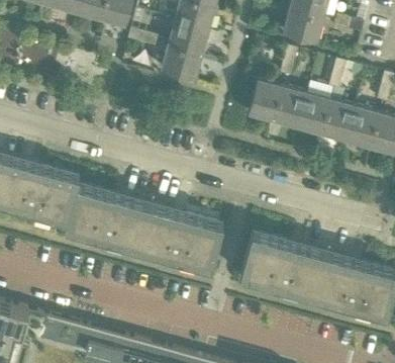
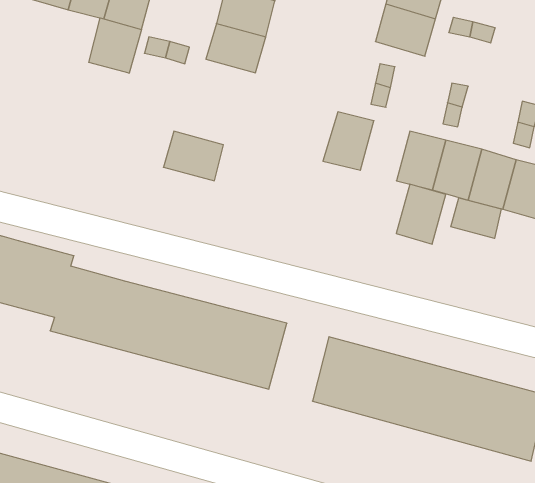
building: none -> [89,18,141,73]
building: [161,48,201,81] -> [163,131,223,181]
building: [272,89,305,129] -> [396,184,446,244]
building: none -> [451,198,501,238]

